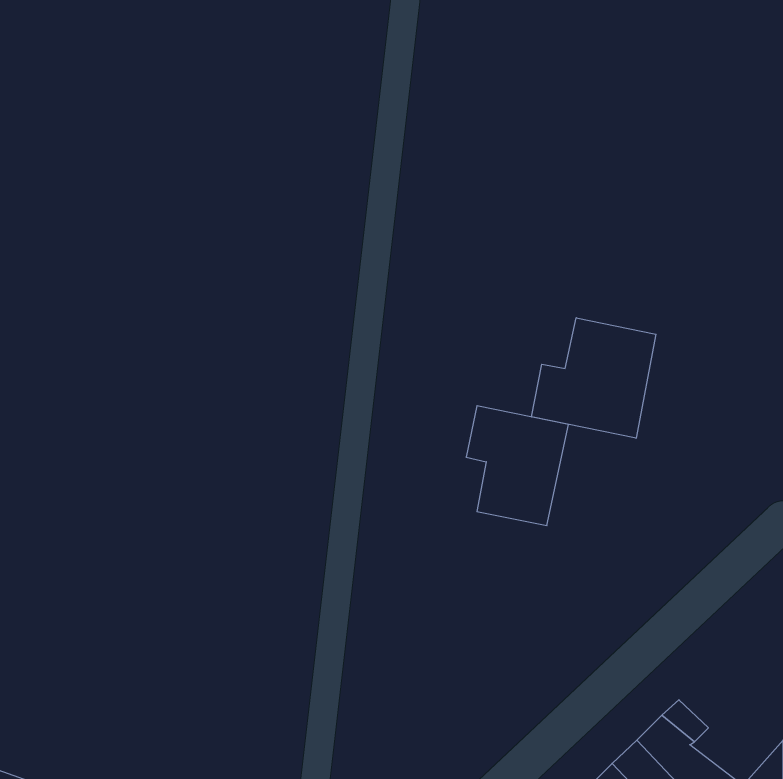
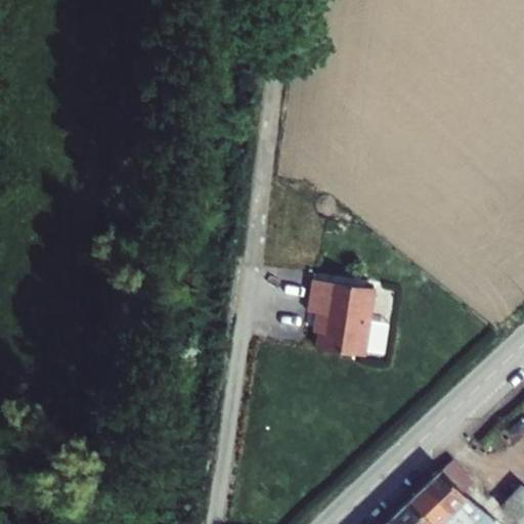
building: [532,318,656,438] -> none

